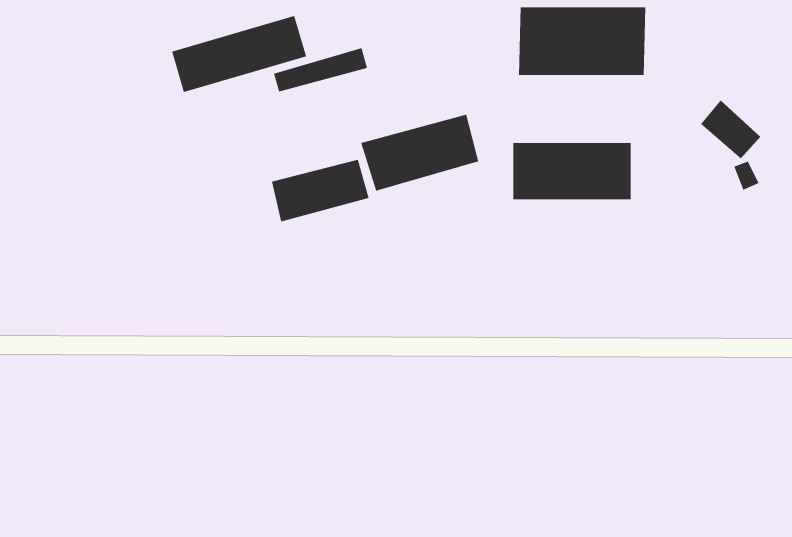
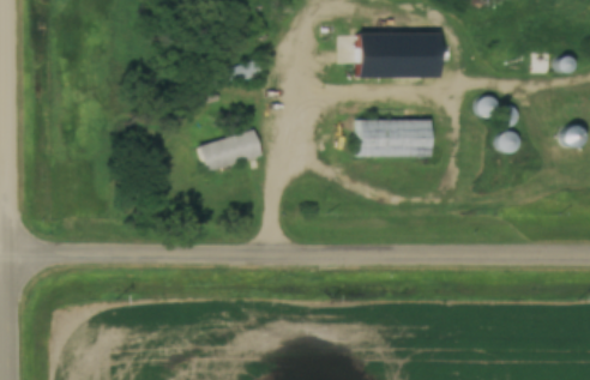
building: [171,15,307,93] -> none
building: [360,114,479,191] -> none

